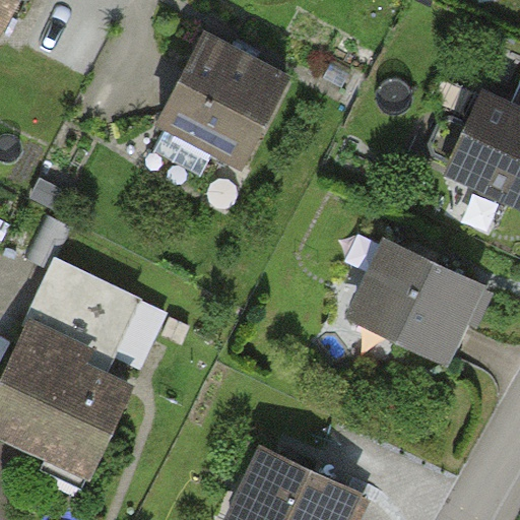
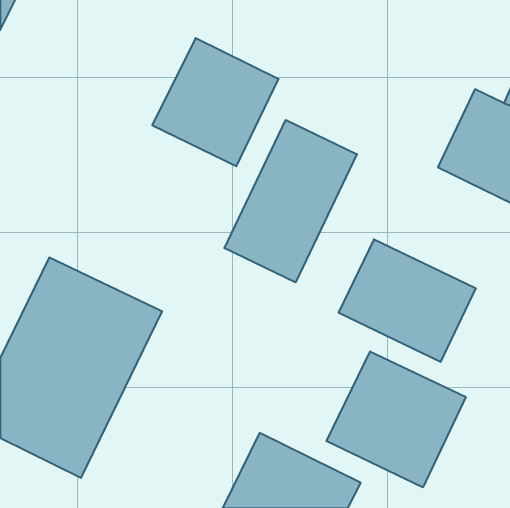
building: none -> [224,120,357,282]
building: none -> [327,351,466,487]

